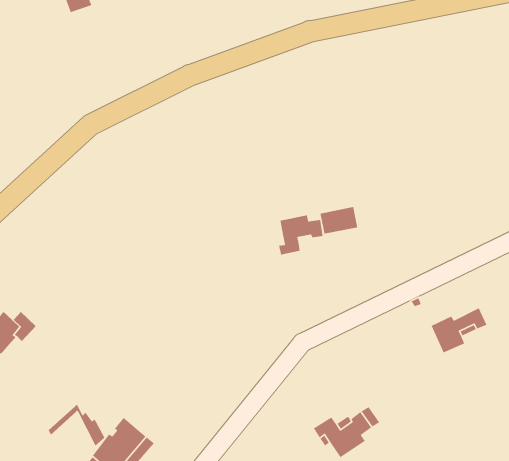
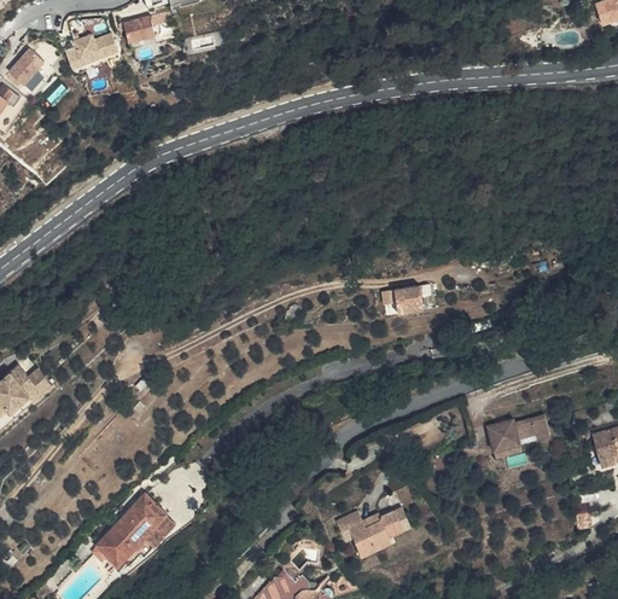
building: none -> [65,34,116,69]
building: [278,215,324,256] -> none
building: [48,403,106,447] -> none

